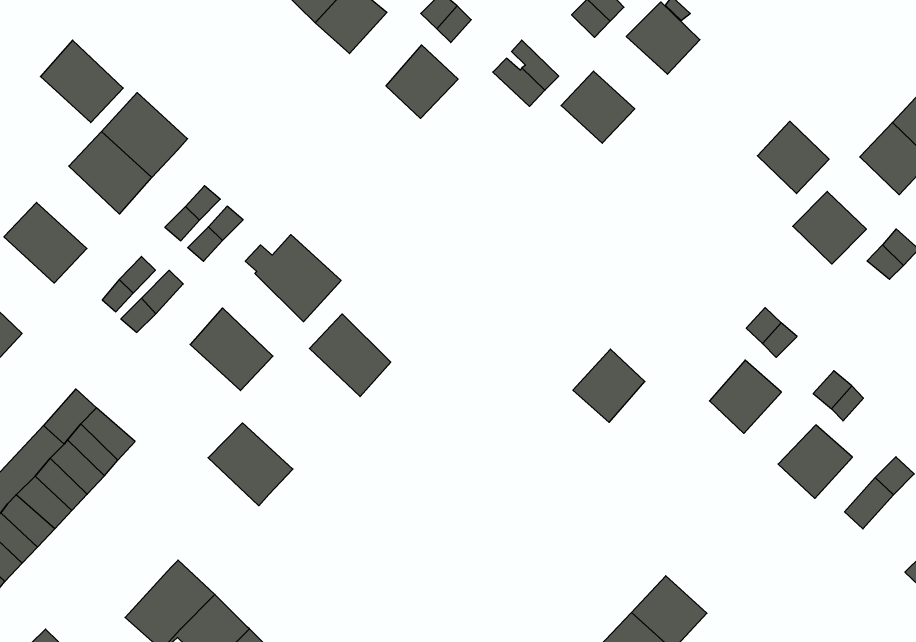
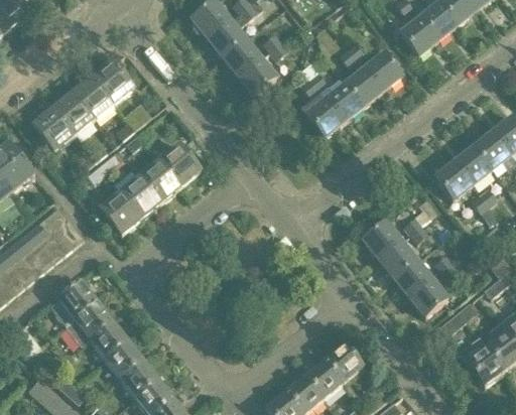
building: none -> [222,37,259,75]
building: none -> [345,67,382,105]
building: [40,40,123,123] -> [51,92,93,135]
building: none -> [306,98,344,135]
building: [757,121,829,194] -> [455,146,491,183]
building: [309,314,391,397] -> [138,160,178,203]
building: [573,349,645,422] -> [363,222,400,259]
building: none -> [394,260,431,296]
building: [208,423,293,506] -> [99,191,141,235]
building: none -> [51,282,97,325]

